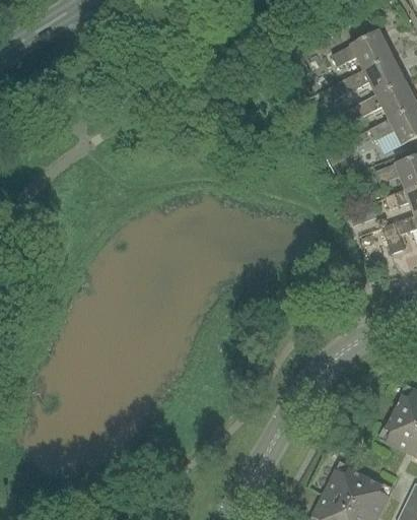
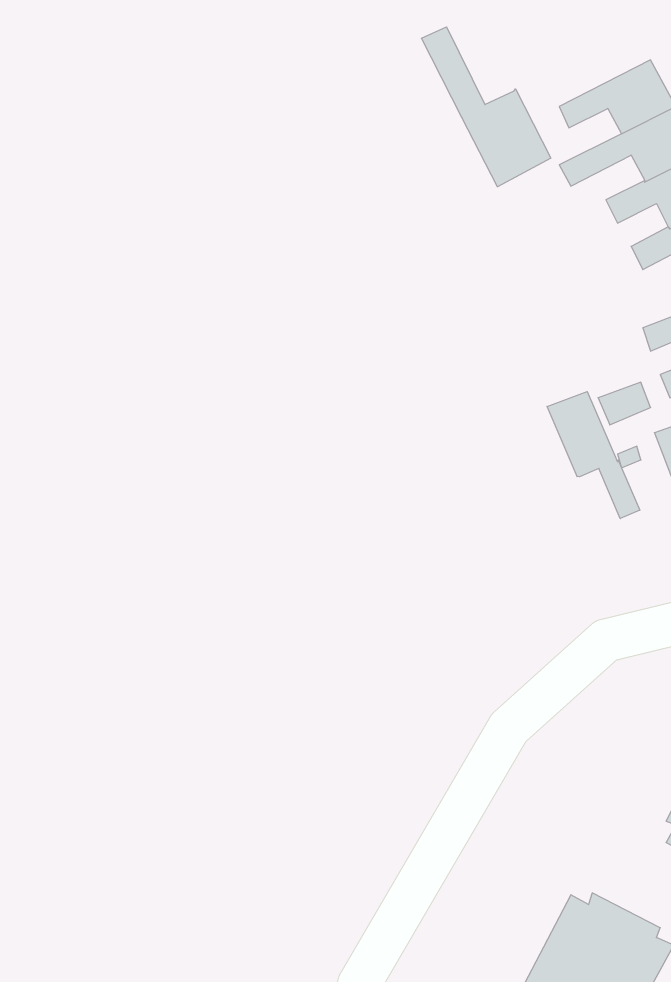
building: none -> [421,27,551,187]
building: none -> [547,392,640,519]

